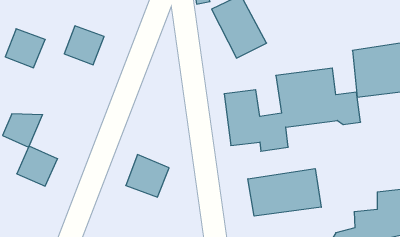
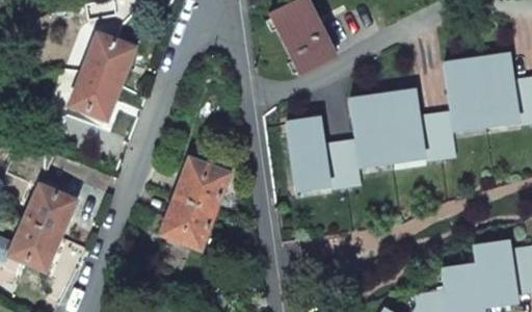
building: [5,29,45,68] -> [71,71,121,120]
building: none -> [176,159,230,213]
building: [248,169,321,216] -> none
building: none -> [9,220,60,270]

